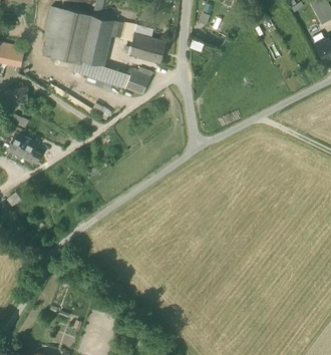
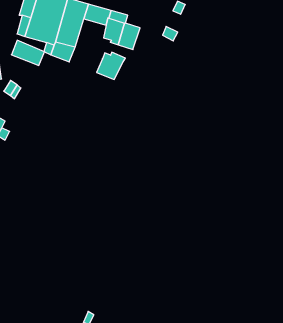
building: [97,65,130,89] -> [11,40,45,65]

